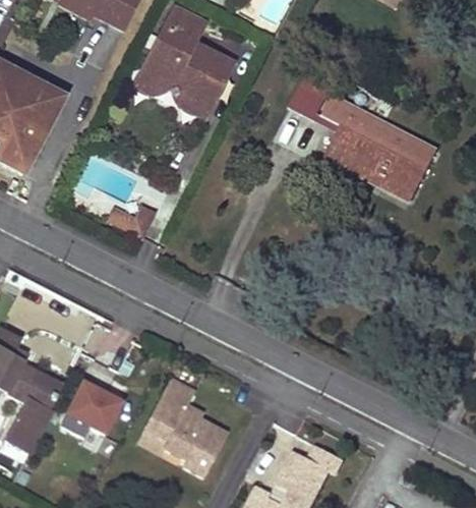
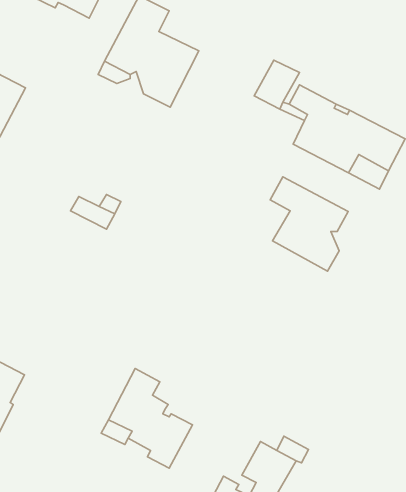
building: none -> [270,177,348,271]
building: [55,381,122,457] -> none

